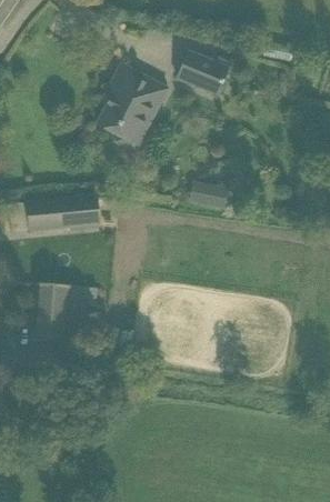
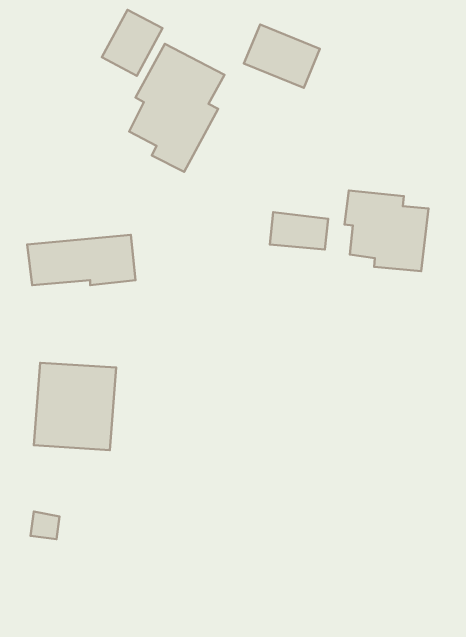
building: none -> [102,10,163,76]
building: none -> [345,191,428,271]

